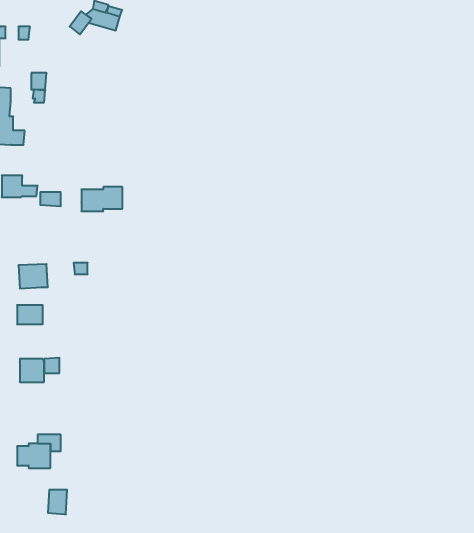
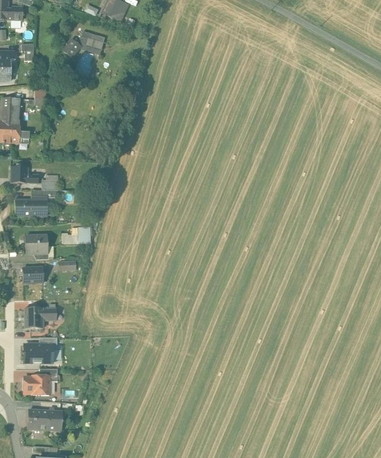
building: [81,187,122,211] -> [15,197,47,216]
building: none -> [24,344,53,362]
building: none -> [28,410,49,429]

